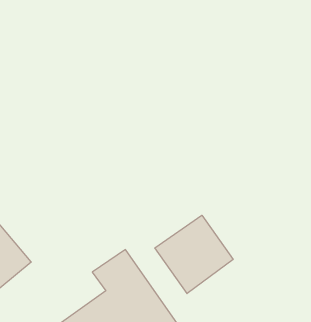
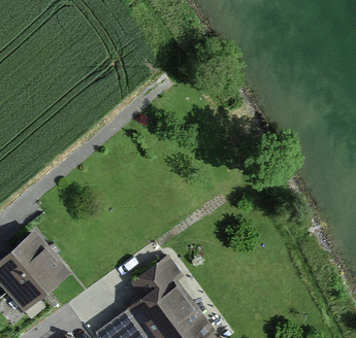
building: [155,215,233,294] -> none

